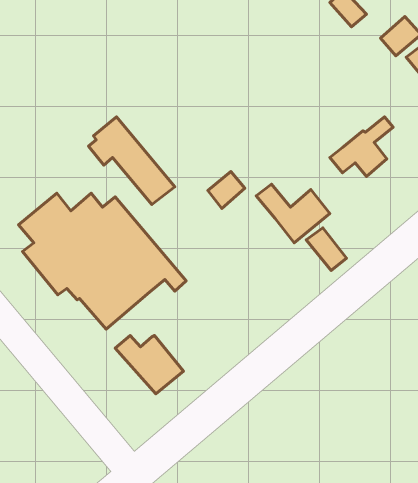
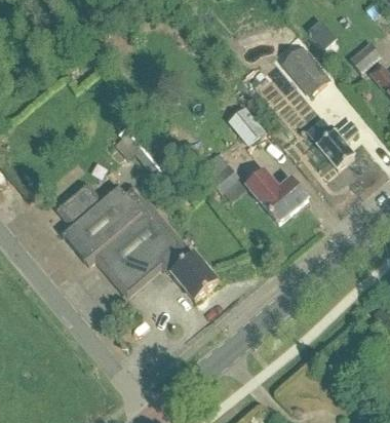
building: none -> [283,48,326,93]
building: none -> [229,107,263,145]
building: [306,228,347,271] -> none
building: [115,335,184,394] -> [162,252,218,299]

